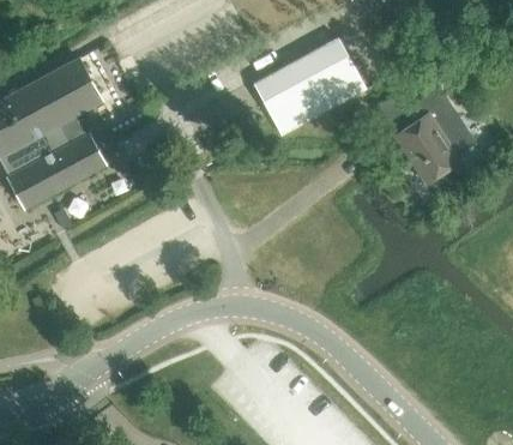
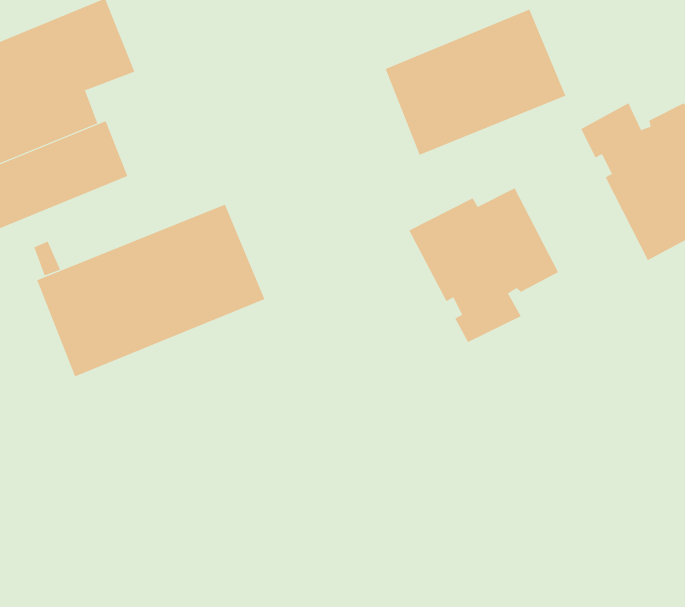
building: none -> [408,188,559,343]
building: none -> [36,204,265,377]

